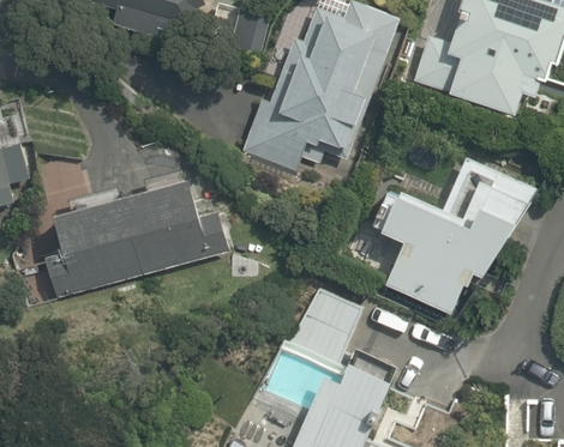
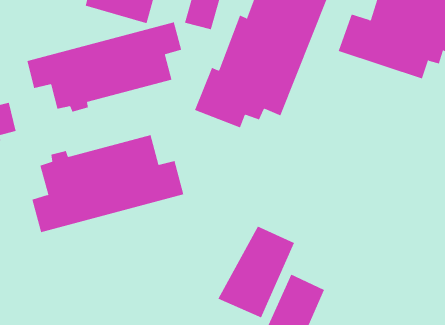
building: none -> [27,21,182,112]
building: [372,161,533,312] -> none

